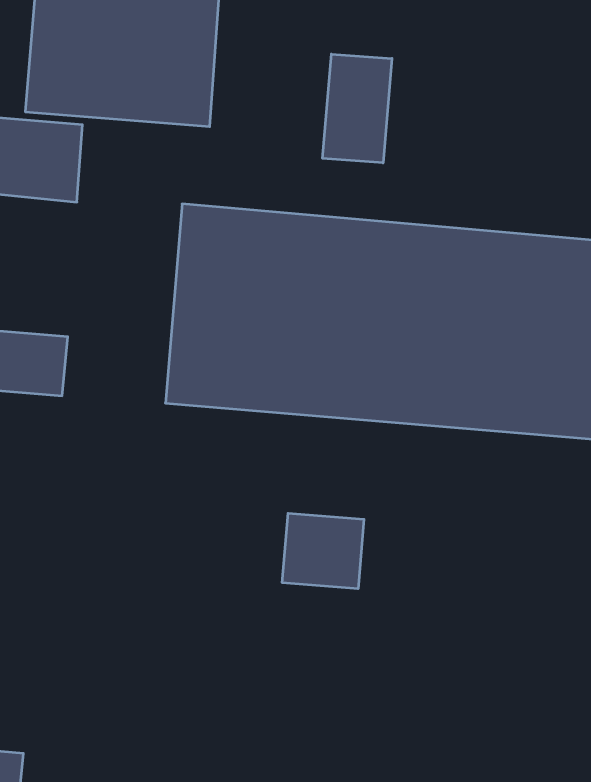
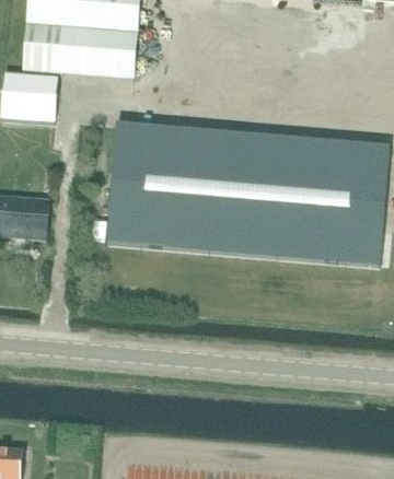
building: [323,54,392,163] -> none
building: [282,513,364,589] -> none

